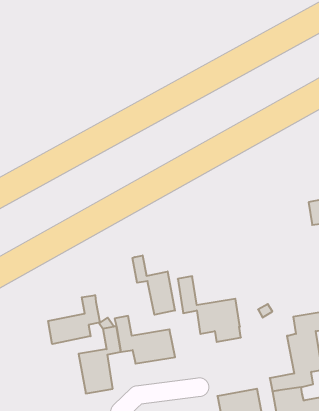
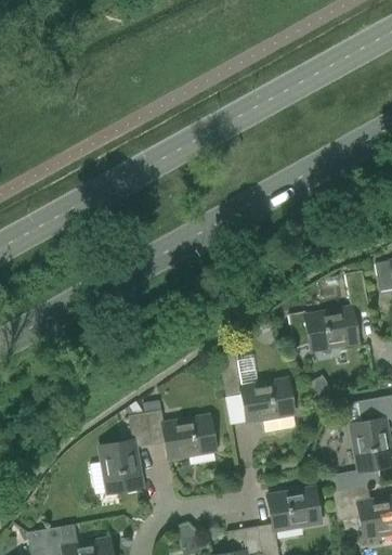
building: none -> [290,271,370,350]
building: [132,255,175,315] -> none
building: [48,295,100,344] -> none

